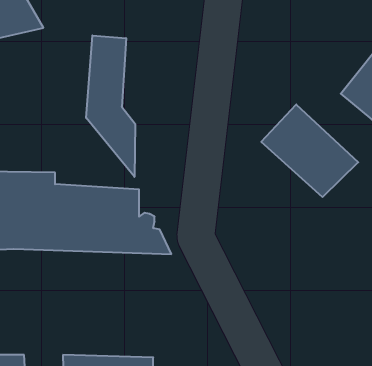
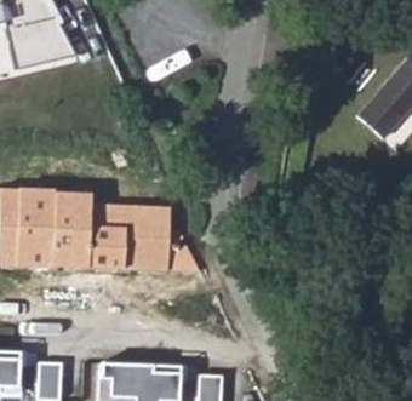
building: [86,35,135,177] -> none
building: [261,104,358,197] -> none

